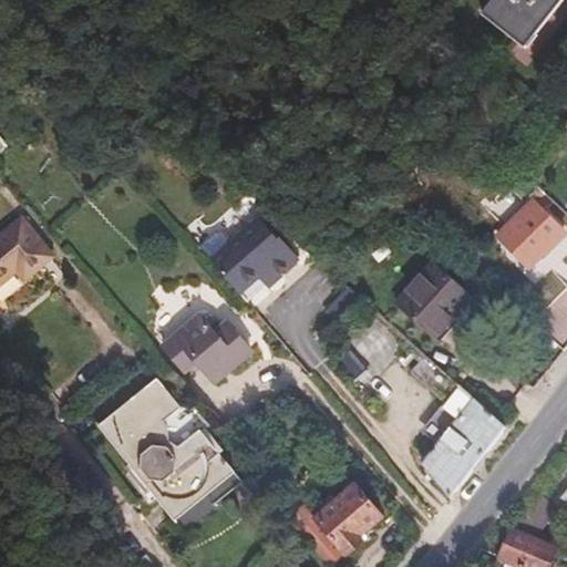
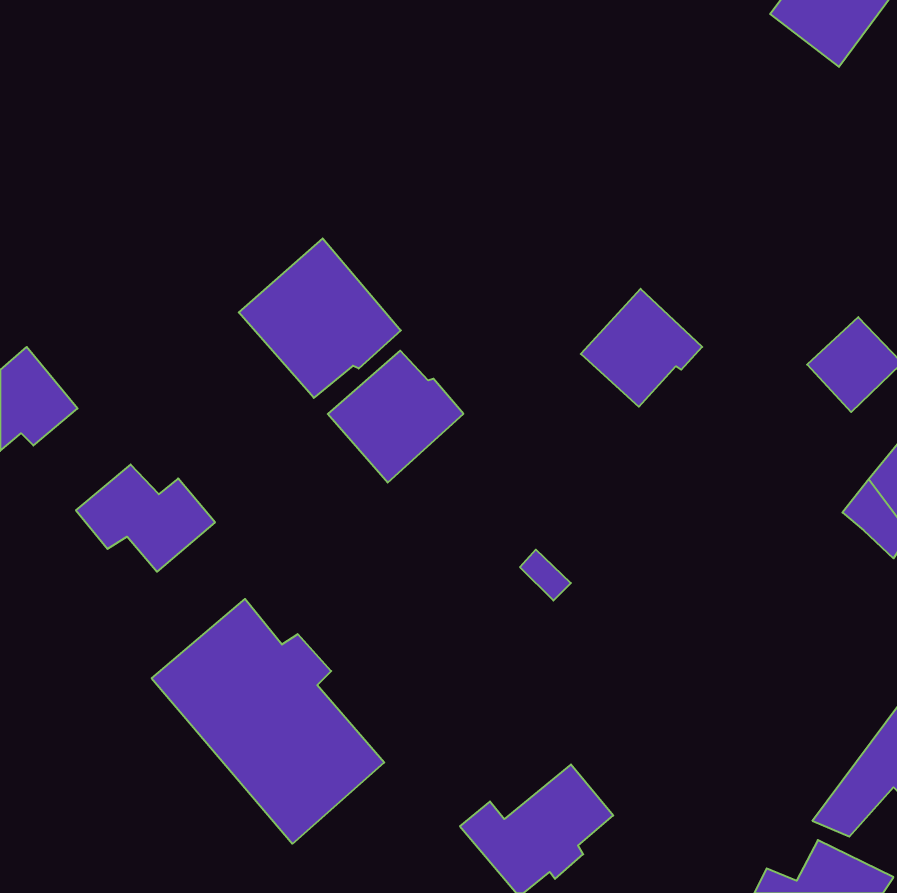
building: none -> [239,238,401,398]
building: [395,260,472,334] -> [581,289,702,407]
building: [162,316,249,383] -> [76,464,215,572]
building: [413,352,506,495] -> none

